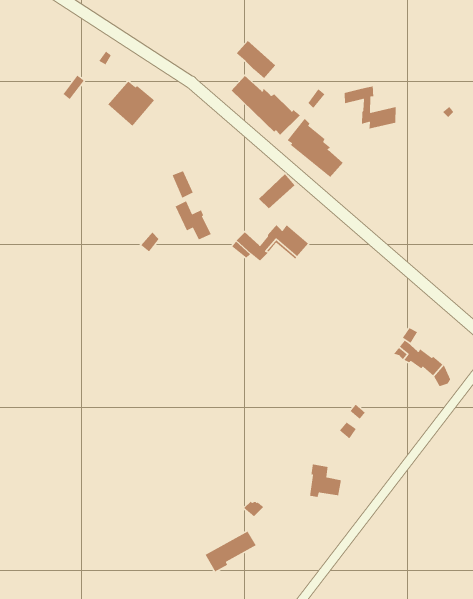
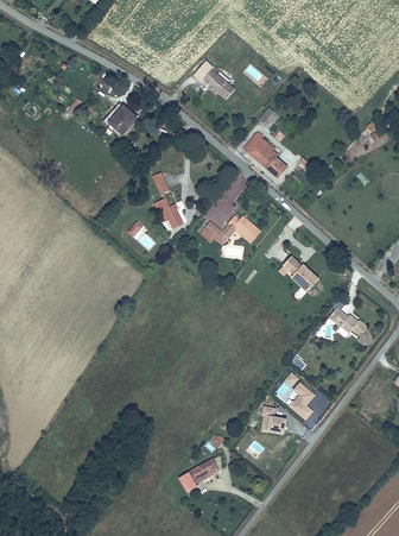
building: [231,75,301,136] -> none
building: [344,86,397,130] -> none
building: none -> [278,256,319,291]
building: none -> [289,381,316,421]

